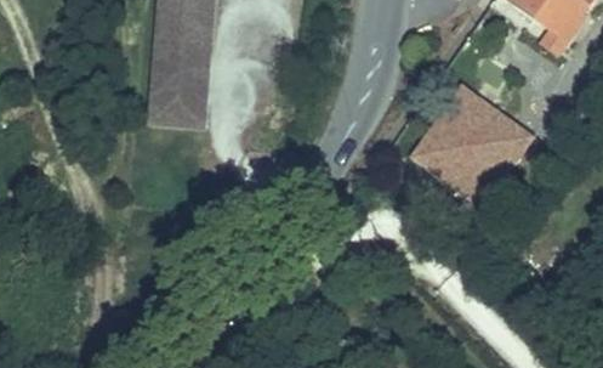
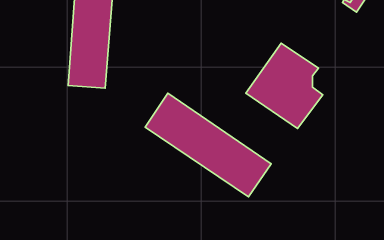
building: none -> [145,93,271,197]

